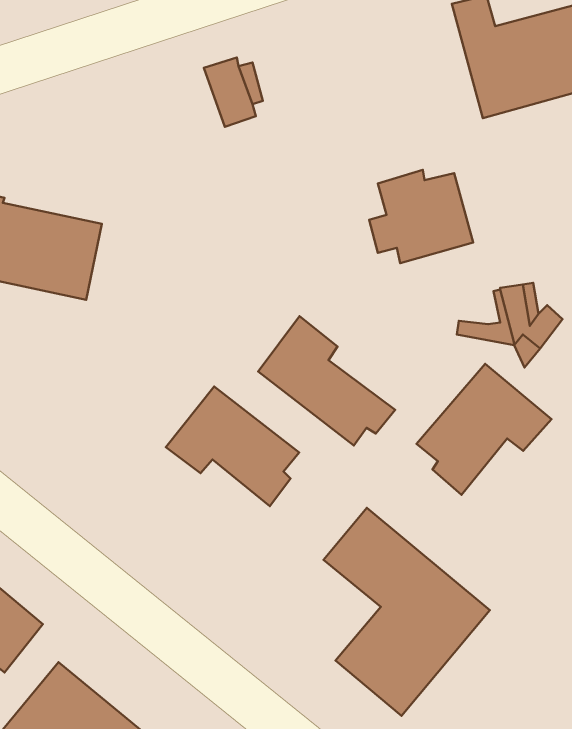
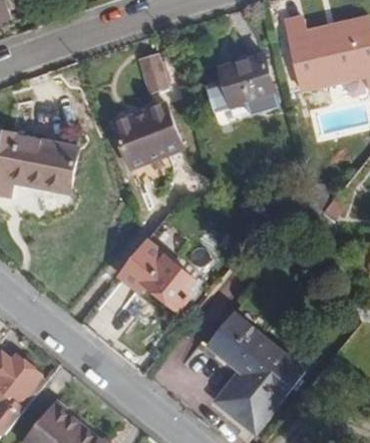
building: none -> [117,105,183,167]
building: [369,170,473,263] -> [210,52,270,106]
building: [258,316,395,445] -> none
building: [416,364,552,495] -> none

